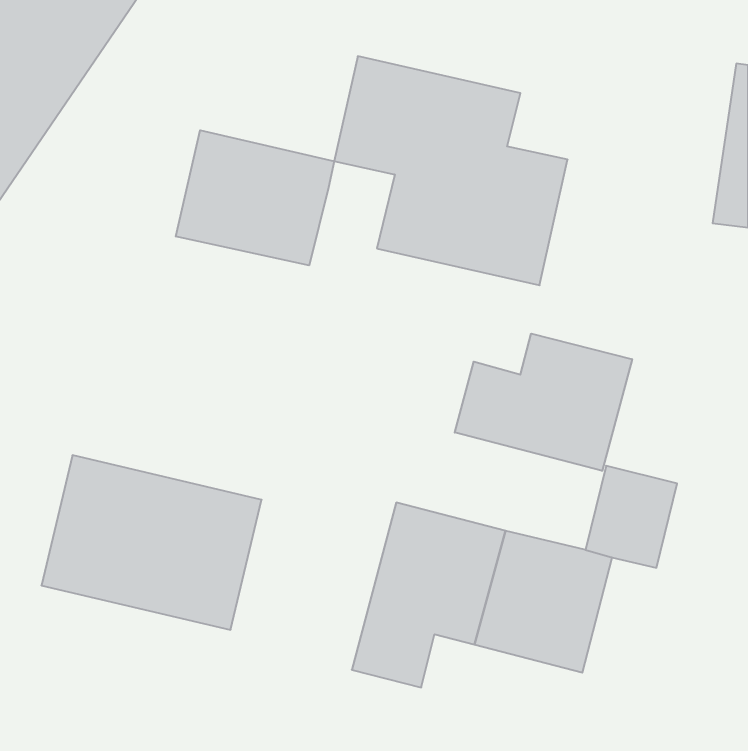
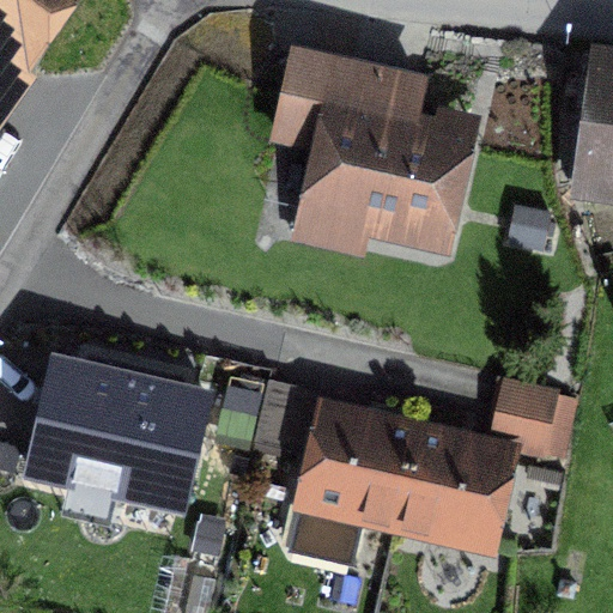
building: [176,130,334,265] -> none
building: [455,334,632,471] -> none

